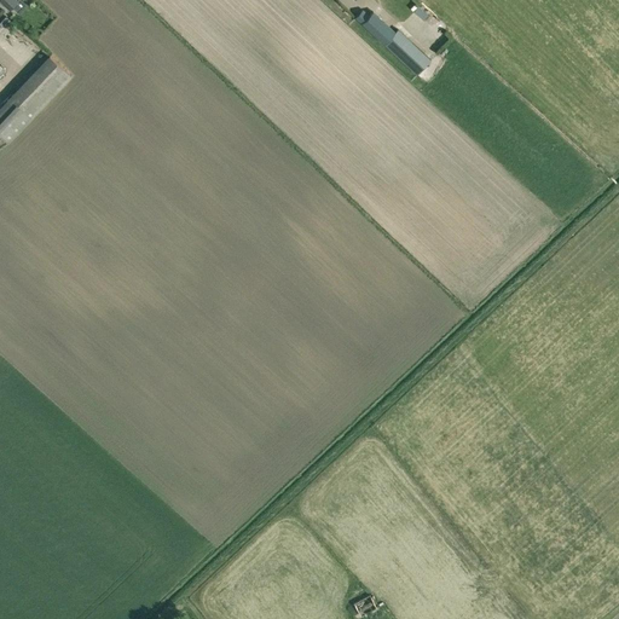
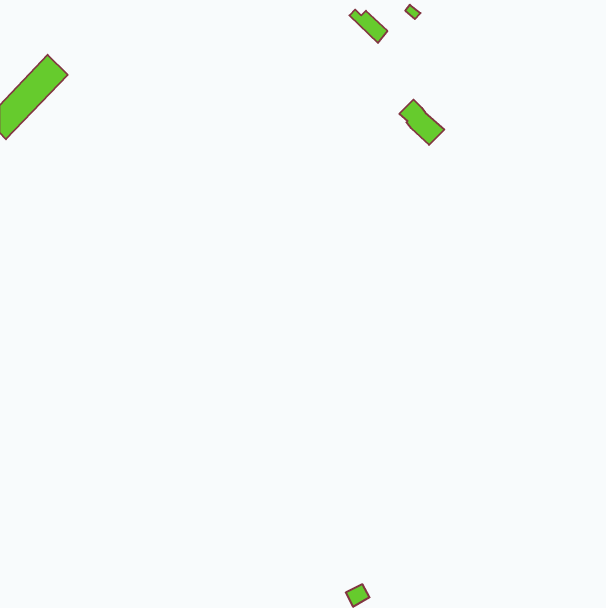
building: [384,29,430,75] -> [399,100,444,145]

